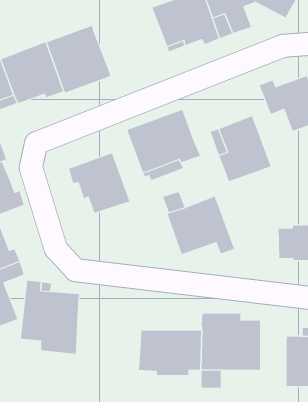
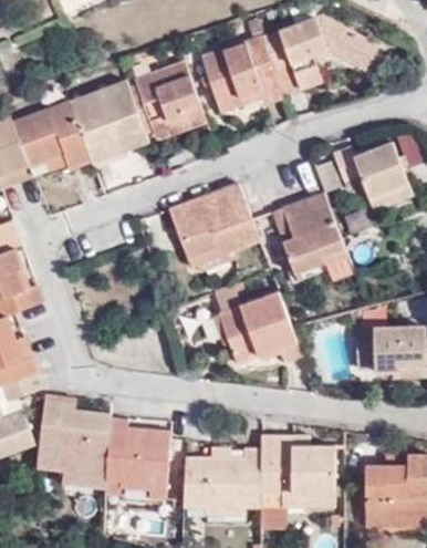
building: none -> [128,62,205,137]
building: [68,152,130,213] -> none
building: none -> [105,417,170,499]

